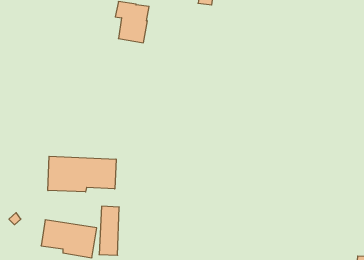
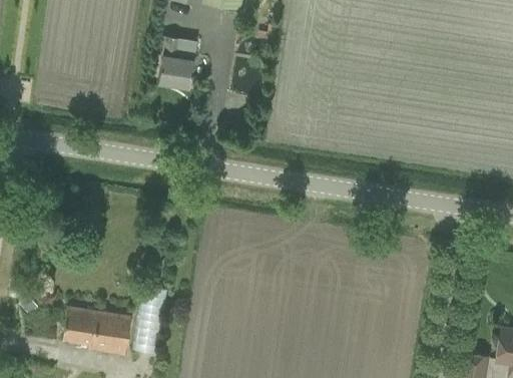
building: [48,156,116,192] -> none

